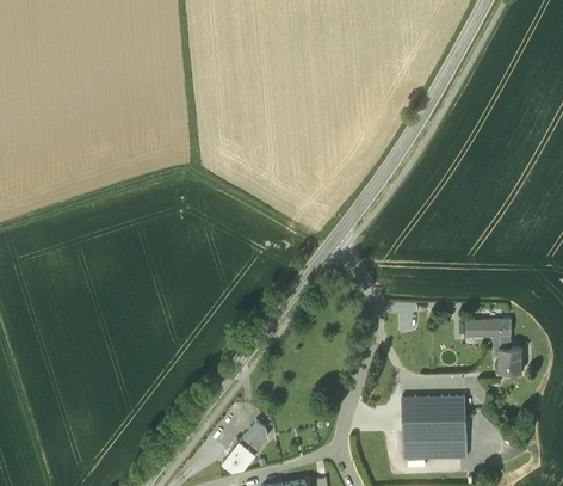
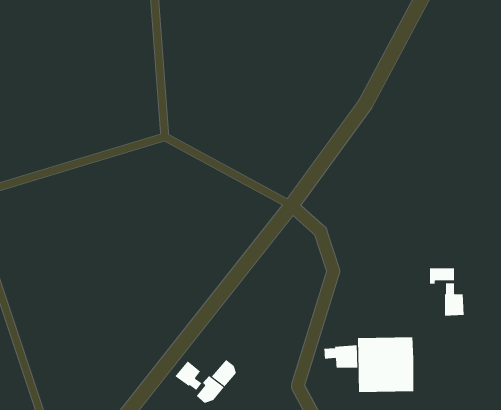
building: none -> [324,344,358,368]
building: none -> [175,360,202,391]

